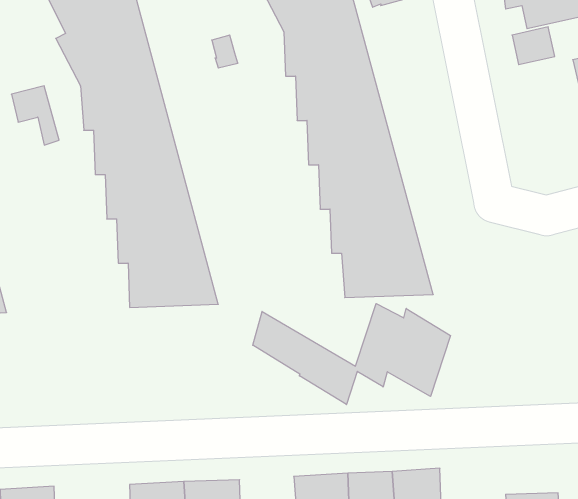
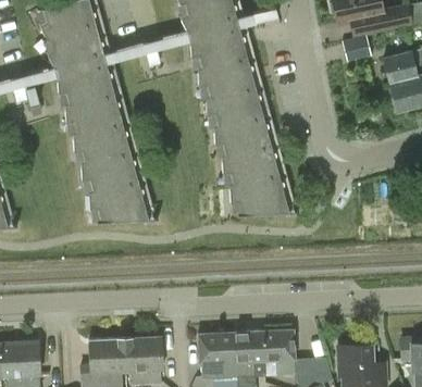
building: [253,304,451,405] -> none

